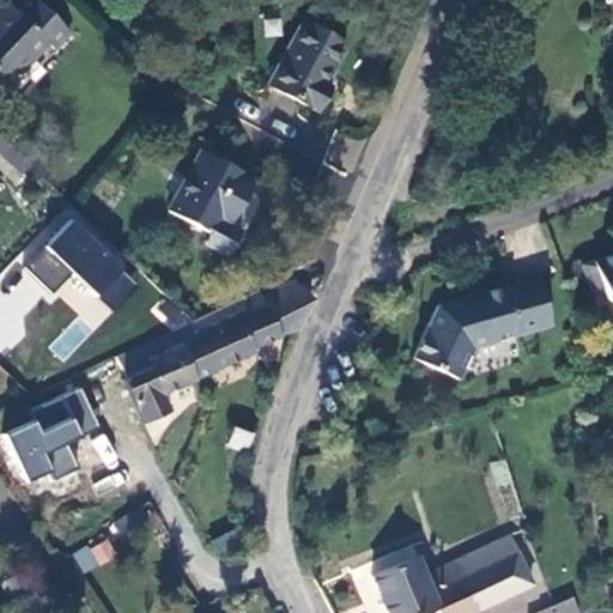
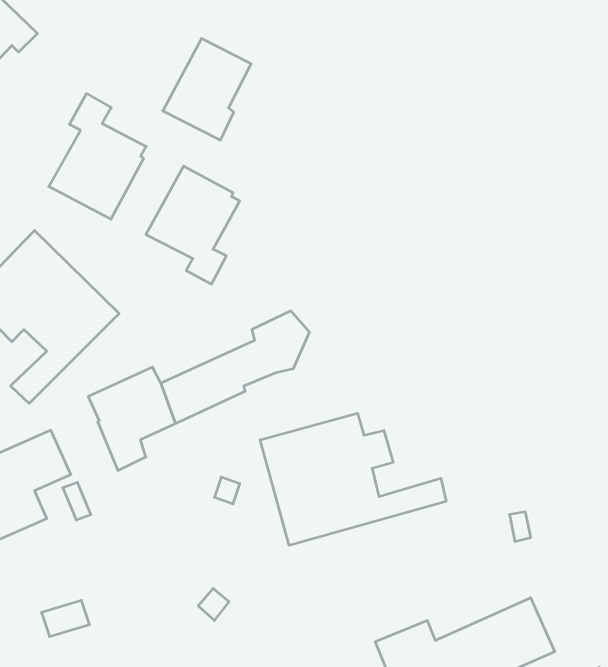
building: [268,22,347,113] -> [163,38,251,140]
building: none -> [49,94,146,219]
building: [412,280,551,381] -> none
building: none -> [260,413,446,545]

